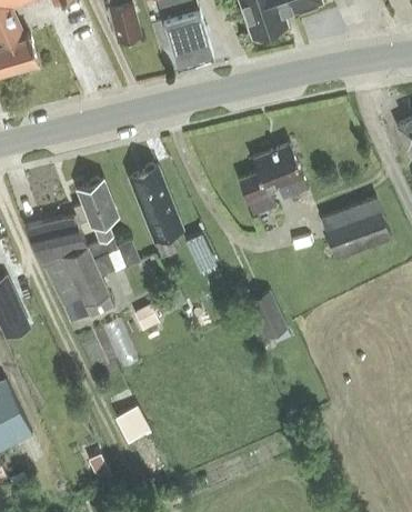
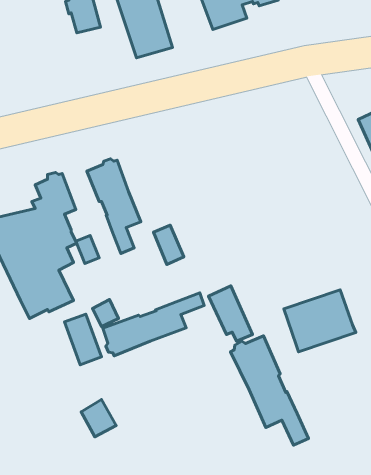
building: [238,143,308,217] -> none
building: [320,199,391,260] -> [284,290,356,352]
building: none -> [103,293,204,356]
building: none -> [231,336,309,445]

